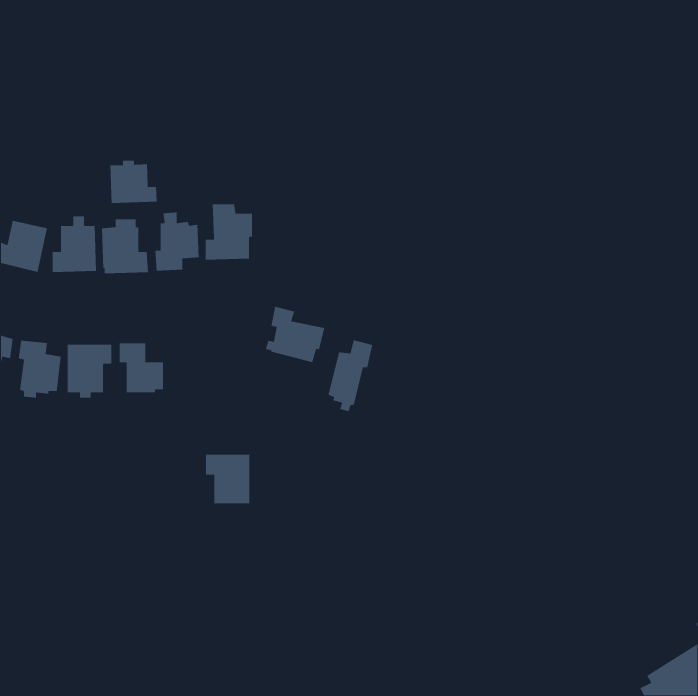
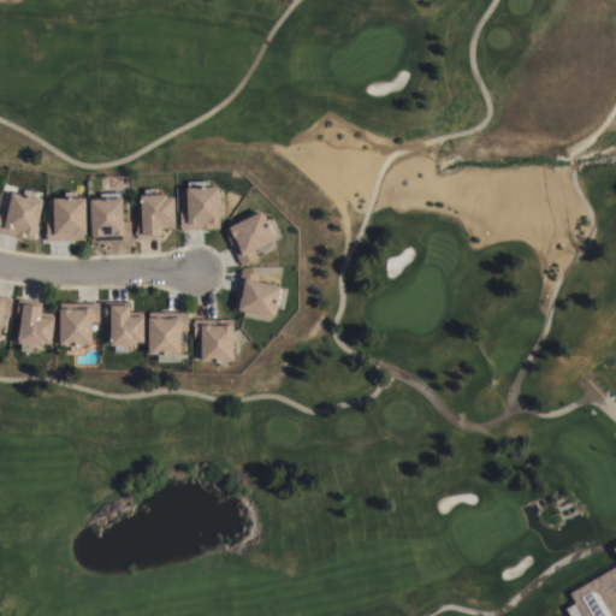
building: [110,160,157,204] -> none
building: none -> [224,212,280,266]
building: [328,339,373,412] -> none
building: none -> [148,313,188,356]
building: [205,454,250,504] -> [194,319,233,363]

